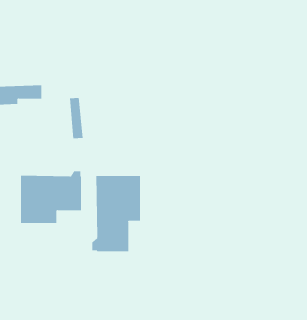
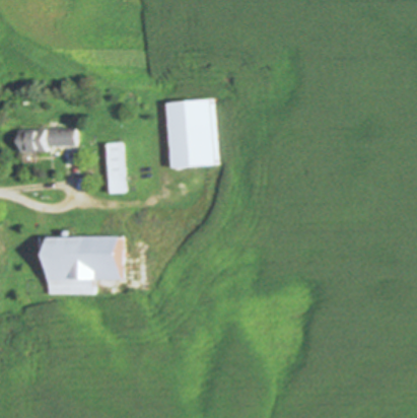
building: none -> [166,99,214,167]
building: [92,175,141,252] -> none

